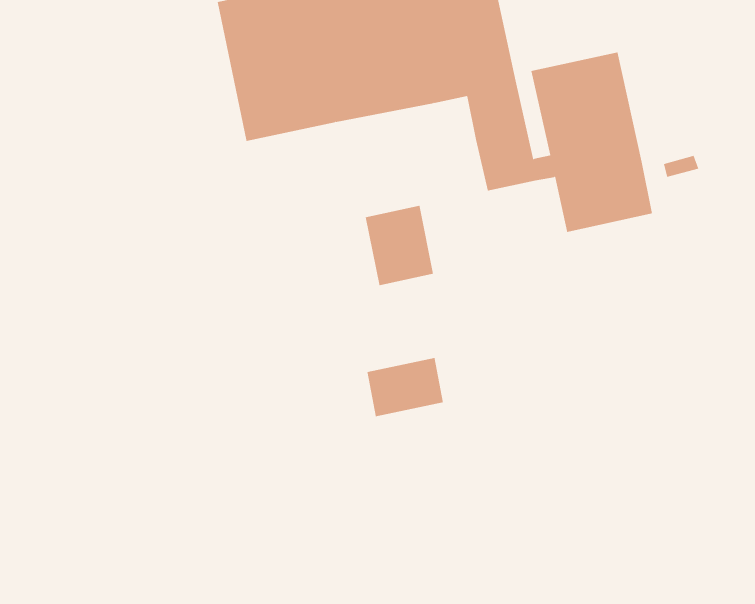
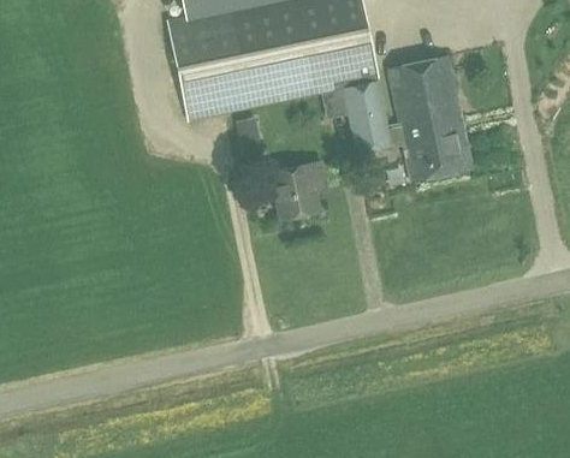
building: [367,357,443,417] -> none

